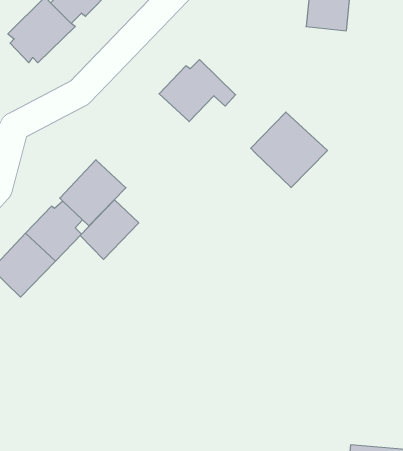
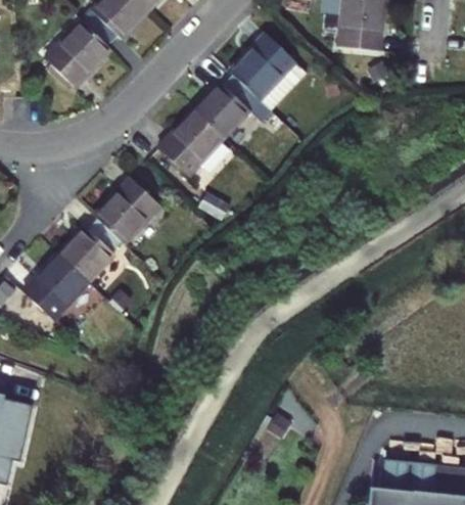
building: none -> [160,111,225,176]
building: [251,112,327,188] -> [231,38,307,112]
building: [80,200,139,259] -> none

